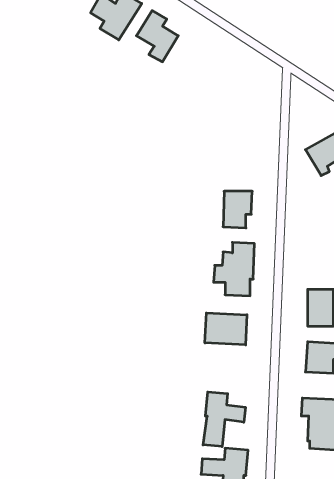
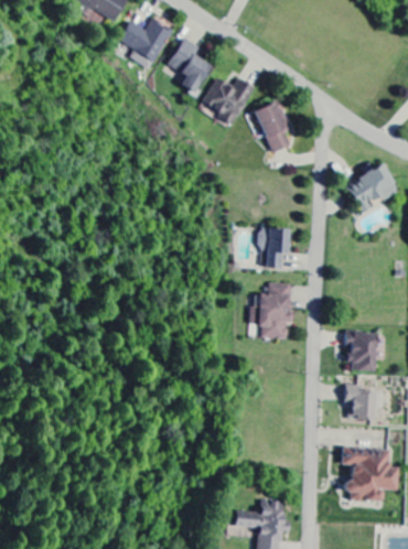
building: none -> [202,76,254,121]
building: none -> [254,99,291,152]
building: [205,313,247,345] -> none
building: [203,392,245,447] -> none

